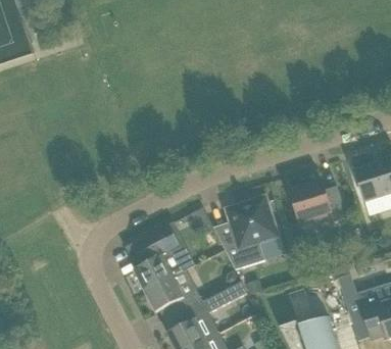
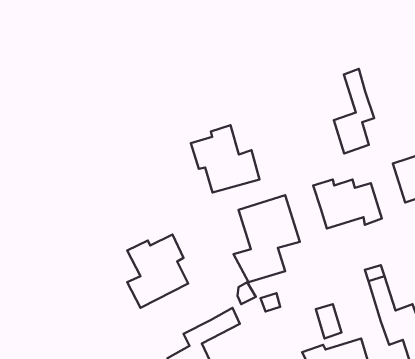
building: none -> [334,69,374,153]
building: none -> [191,125,260,192]
building: [145,269,203,311] -> none

